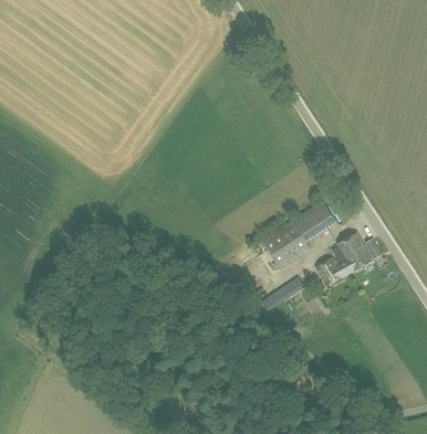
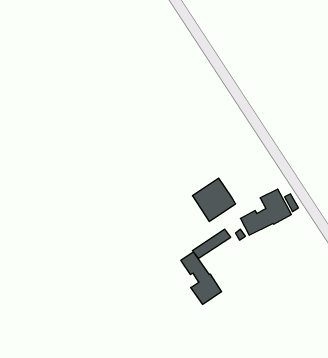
building: [289,199,334,241] -> none
building: none -> [181,252,222,304]

